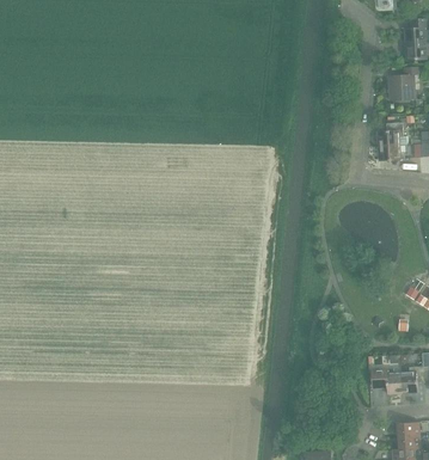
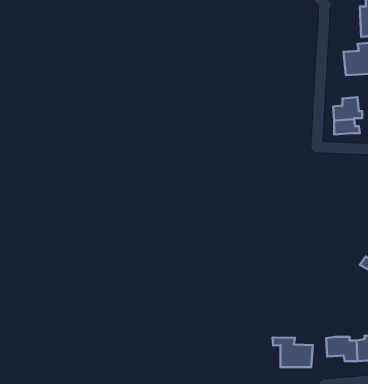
building: none -> [273,338,313,367]

